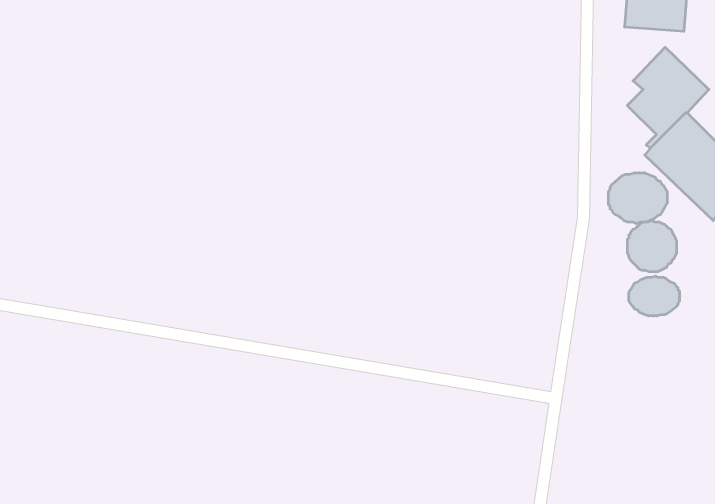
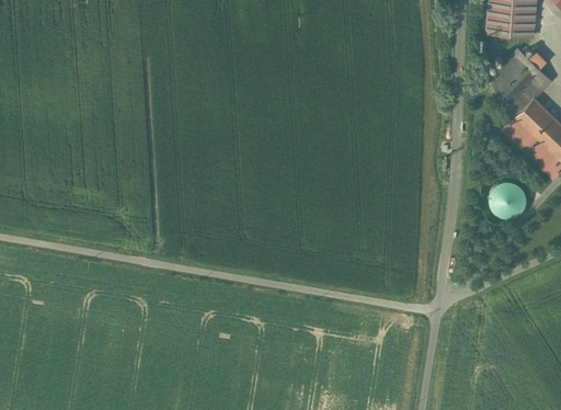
building: [608,173,667,224] -> none
building: [629,276,679,316] -> none

